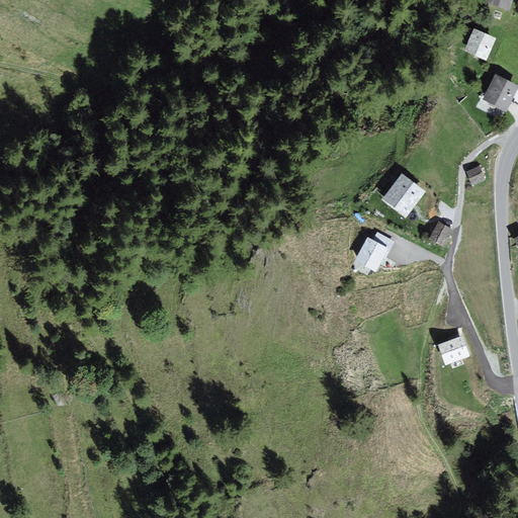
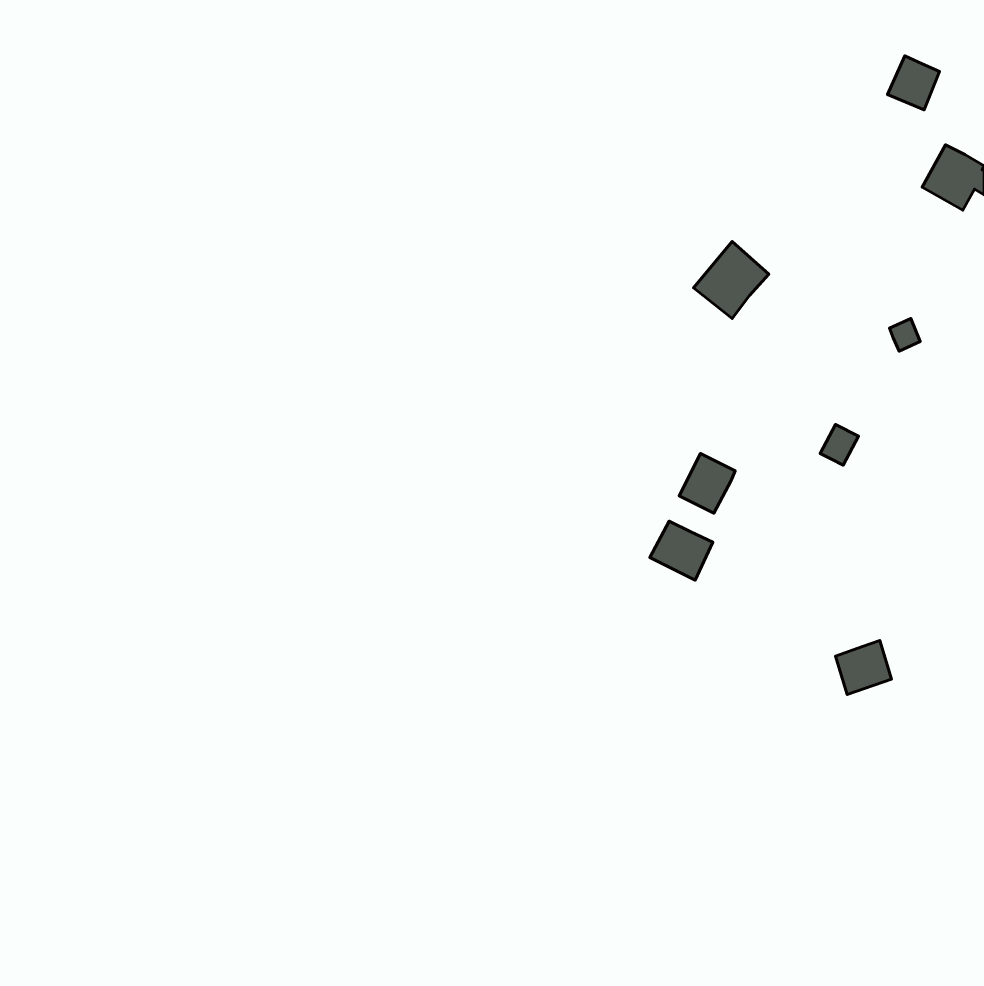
building: [383,175,423,215] -> [694,241,769,319]
building: none -> [650,521,713,580]

